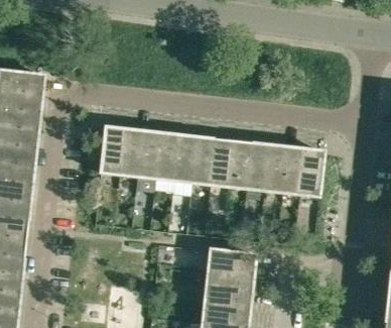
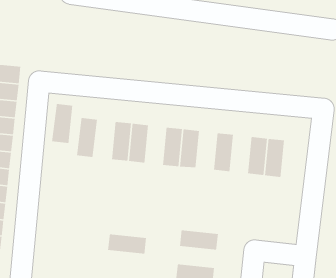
building: [119,131,142,175] -> [51,103,73,144]
building: [174,137,197,181] -> none
building: [229,143,251,186] -> none
building: [265,147,287,190] -> none
building: [209,267,251,290] -> [107,234,147,254]

